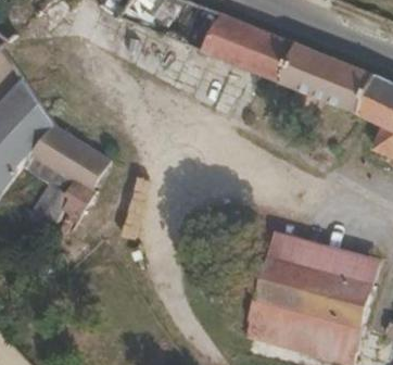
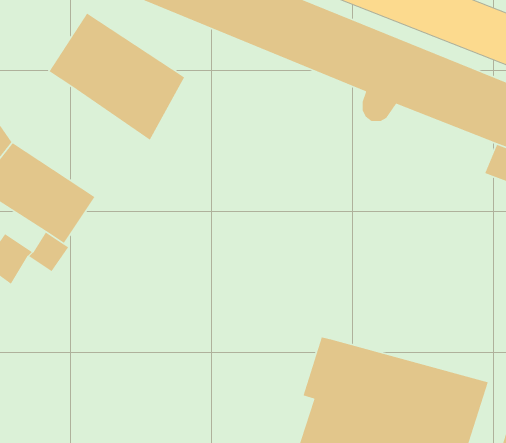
building: none -> [48,12,185,141]
building: [272,236,386,290] -> none

